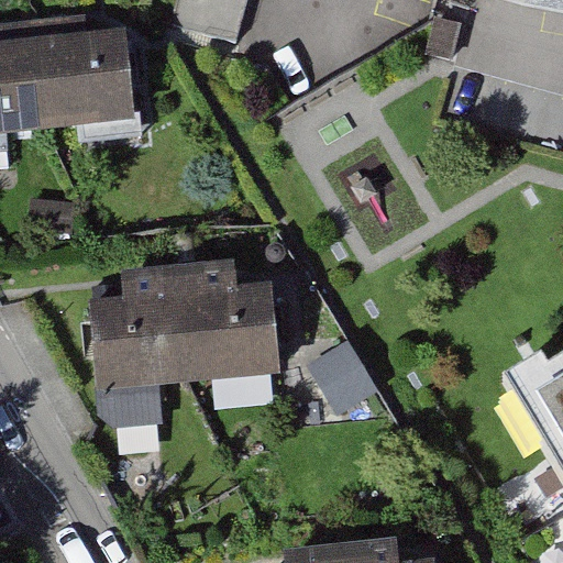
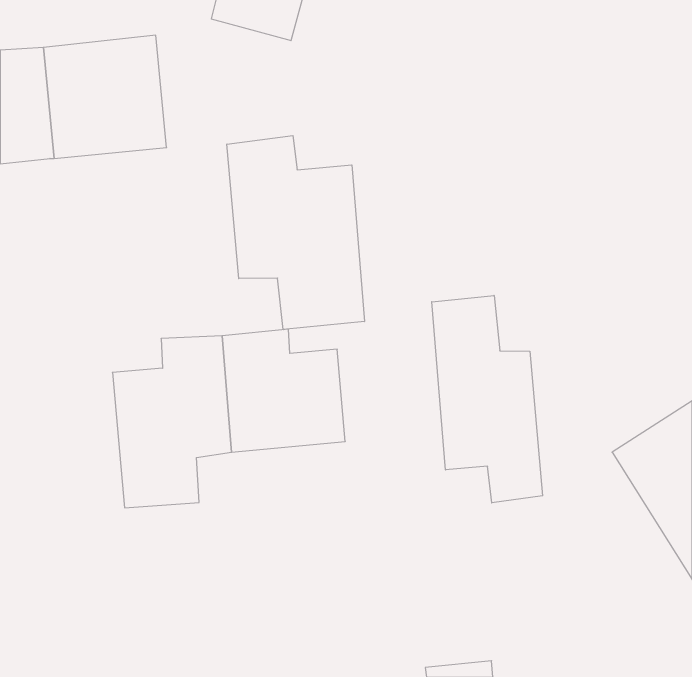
building: none -> [227,136,364,330]
building: none -> [432,295,543,503]

